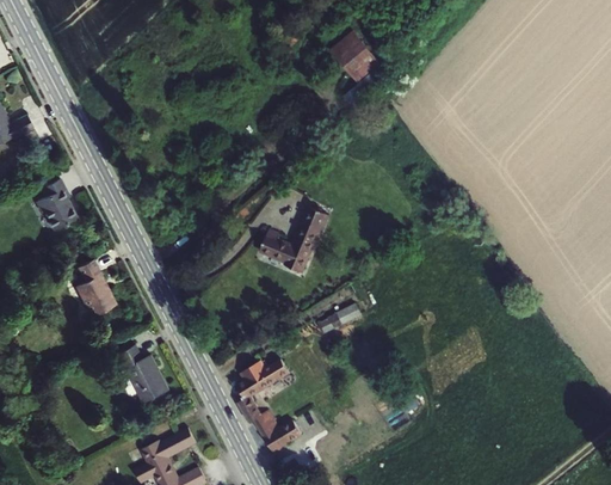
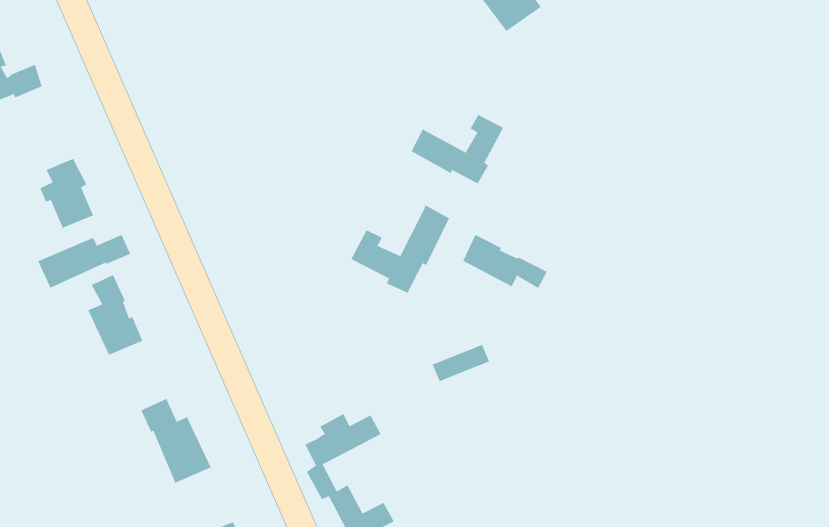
building: none -> [411,114,504,184]
building: none -> [462,234,547,289]
building: none -> [38,234,131,288]

